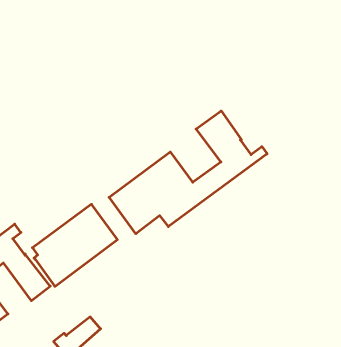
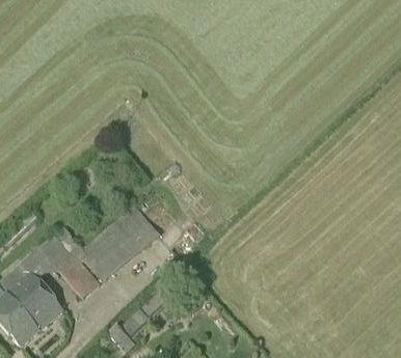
building: [109,111,267,234] -> none

